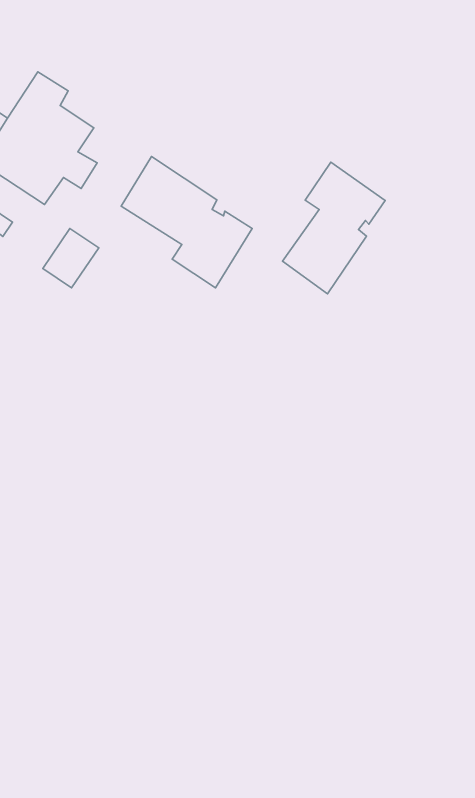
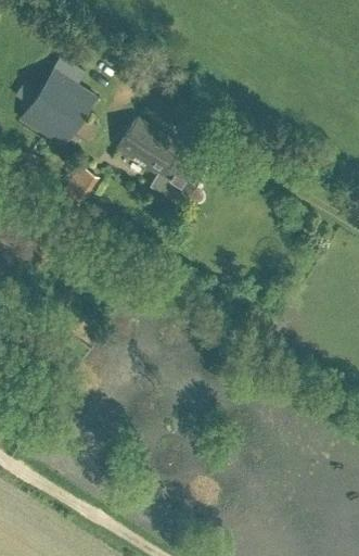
building: [282,162,385,294] -> none

